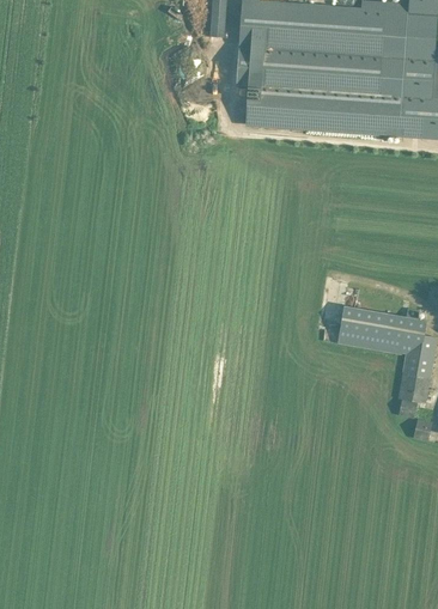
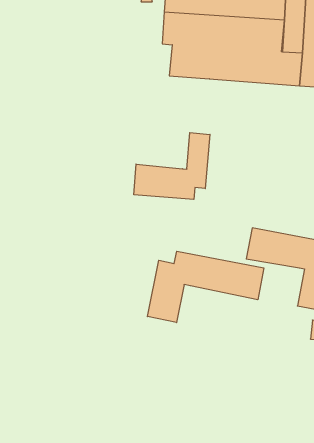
building: none -> [134,133,210,199]
building: none -> [147,251,264,323]

